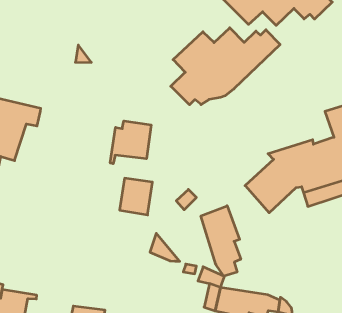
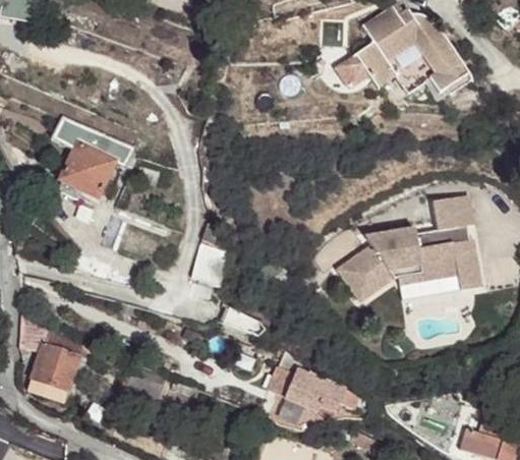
building: [171,28,280,105] -> none
building: [110,121,151,164] -> none
building: [201,206,241,276] -> none

